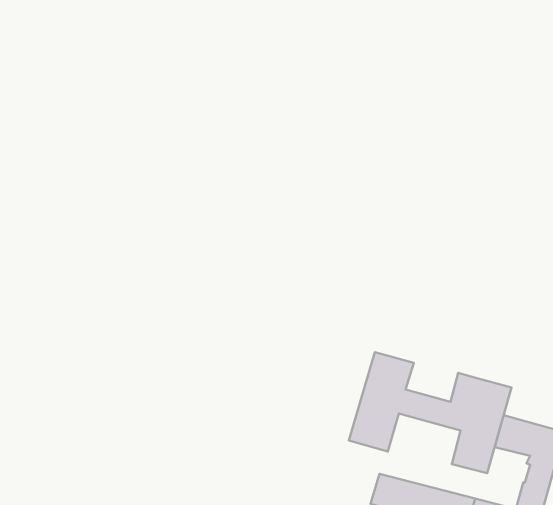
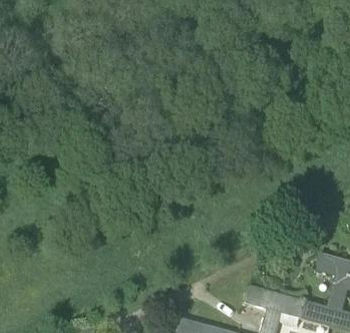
building: [349,352,511,473] -> none

